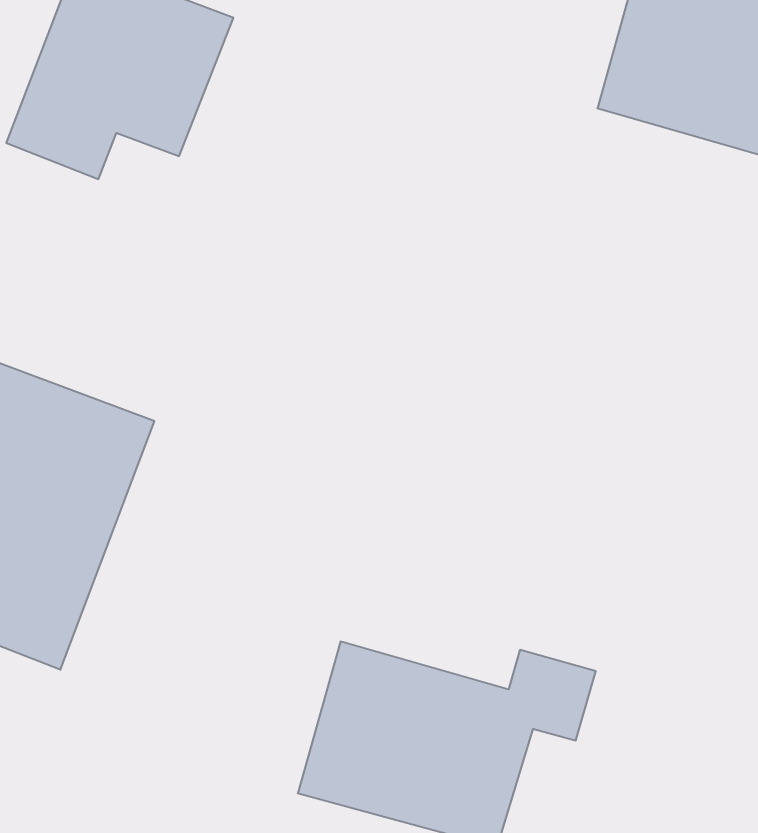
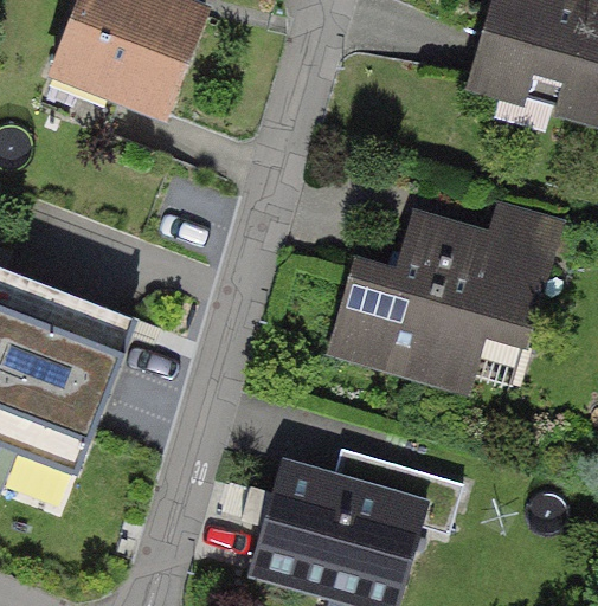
building: none -> [335,225,546,375]

